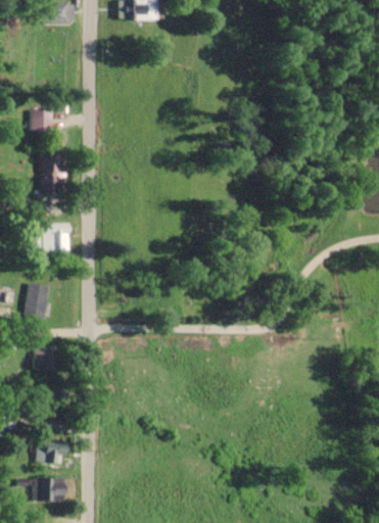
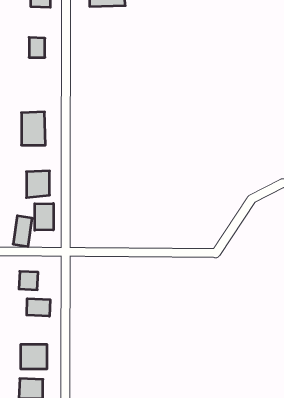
building: [33,108,52,133] -> [29,37,45,57]
building: none -> [35,203,53,230]
building: none -> [27,299,50,316]

